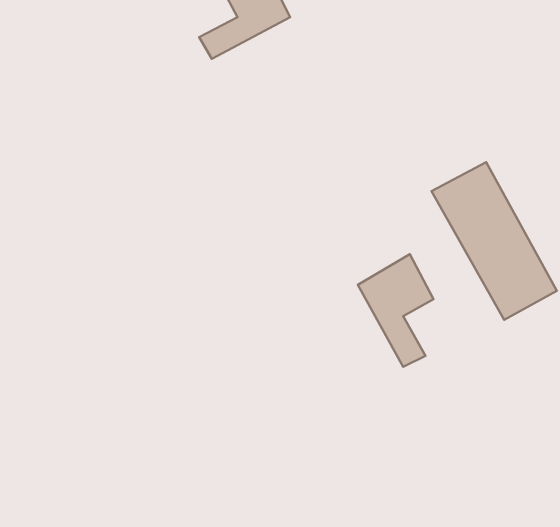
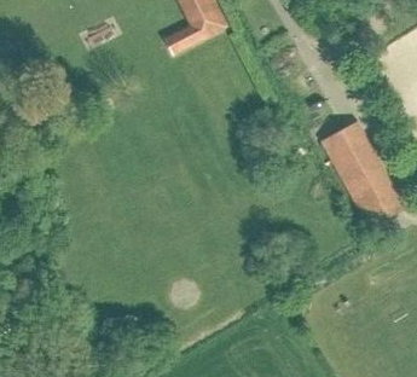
building: [358,254,433,367] -> none

